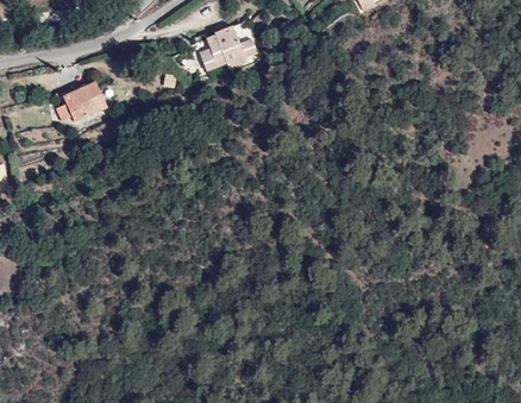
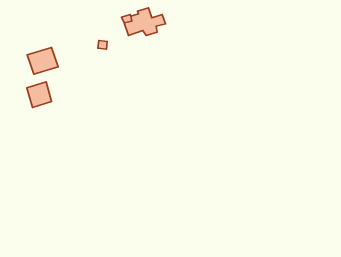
building: none -> [27,82,52,108]

